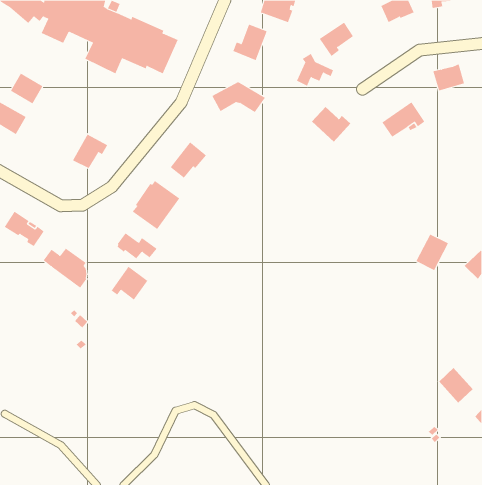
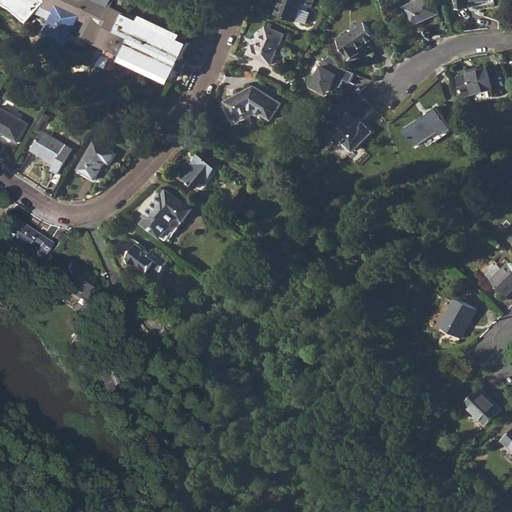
building: [10,73,43,104] -> [30,130,65,163]
building: [416,234,449,271] -> [440,298,475,337]
building: [111,266,148,300] -> none

